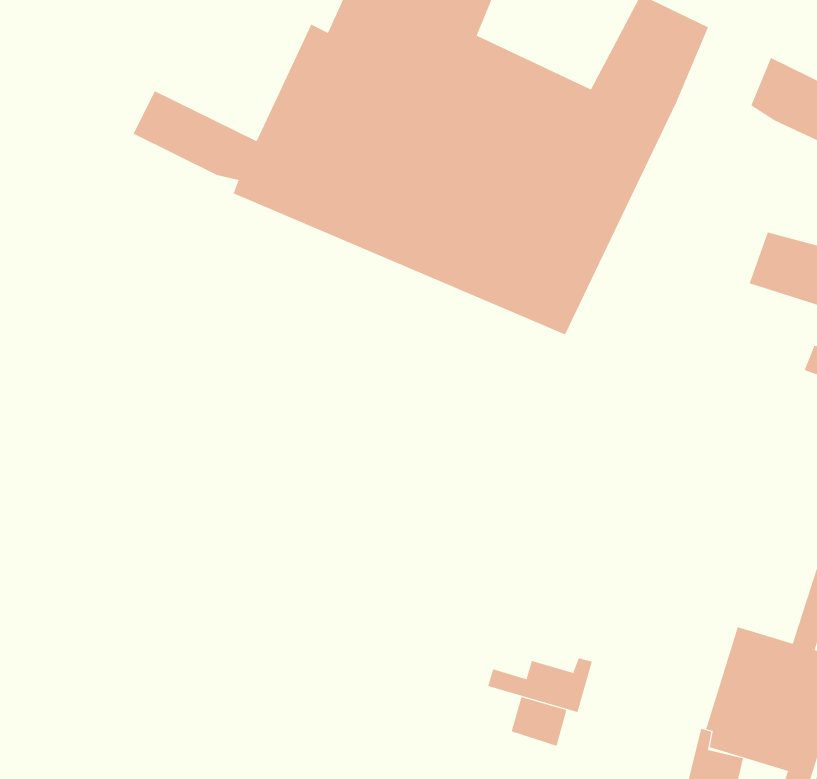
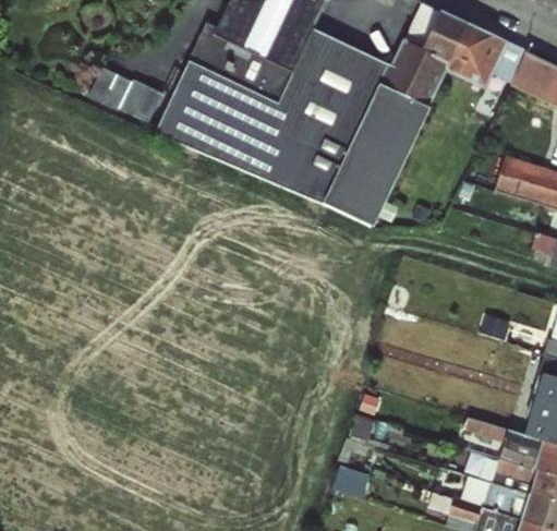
building: none -> [447,24,508,92]
building: [487,657,592,713] -> none

